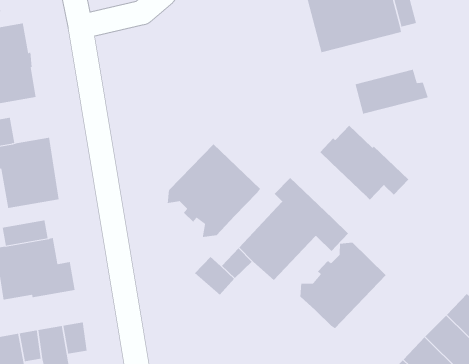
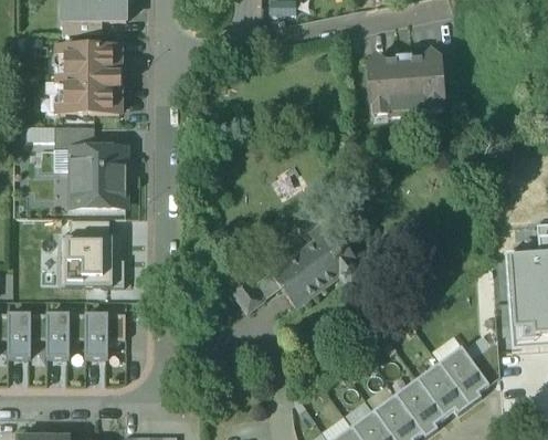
building: [355,69,428,114] -> none
building: [319,125,409,200] -> none
building: [167,144,261,238] -> none
building: [300,242,387,329] -> none

